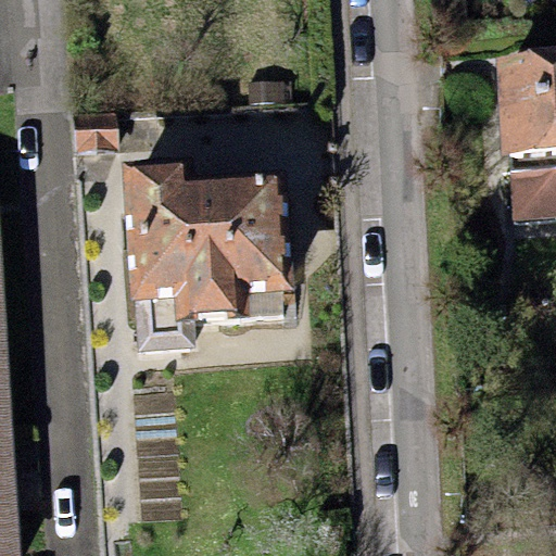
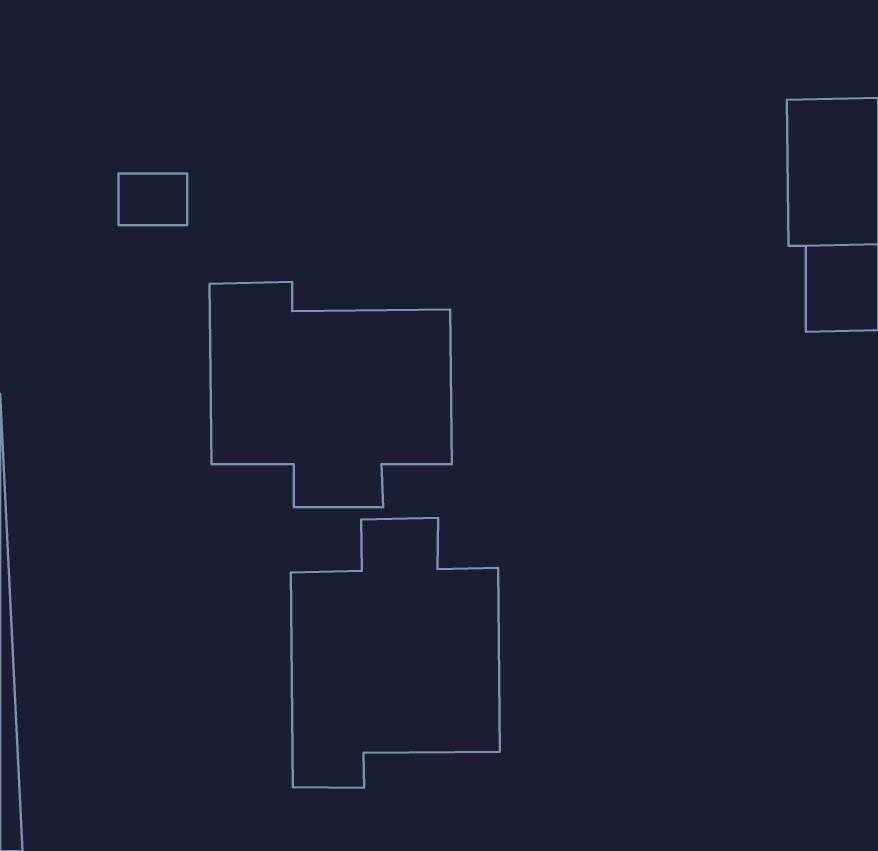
building: none -> [291,518,500,788]

